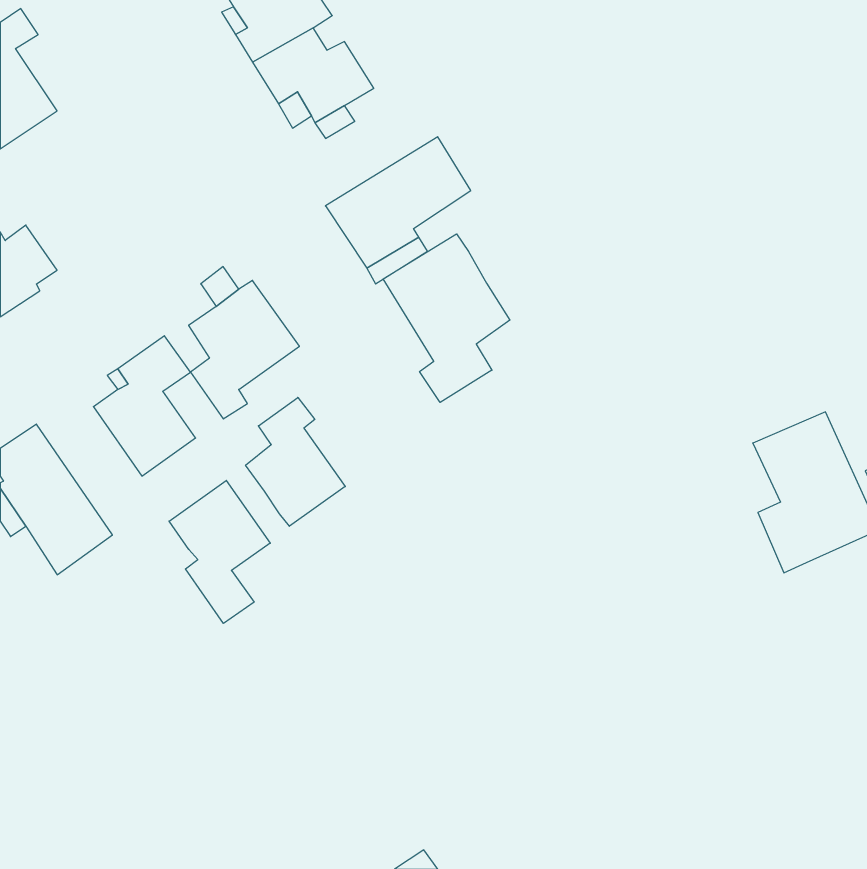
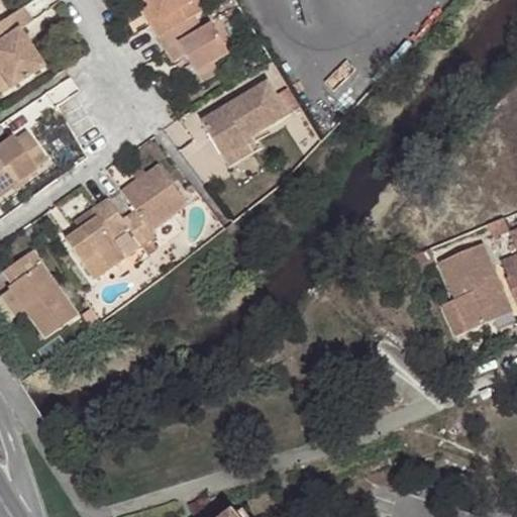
building: [383,234,510,402] -> none
building: [246,397,345,526] -> none
building: [169,480,270,623] -> none

